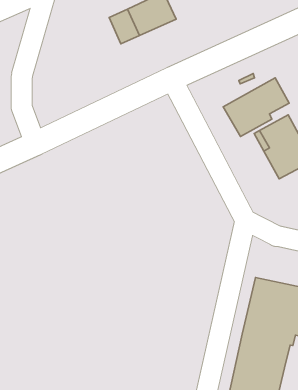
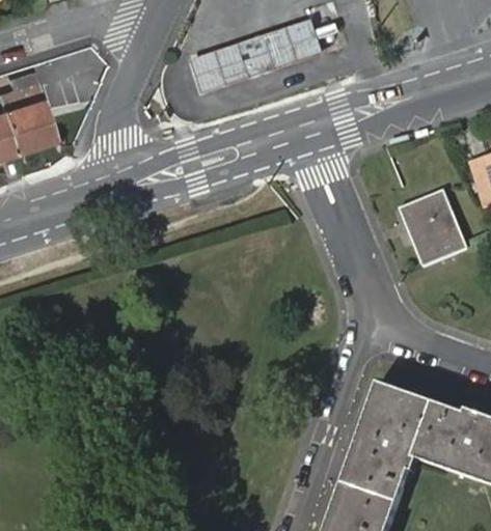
building: none -> [191,40,249,90]
building: [223,78,289,136] -> none

